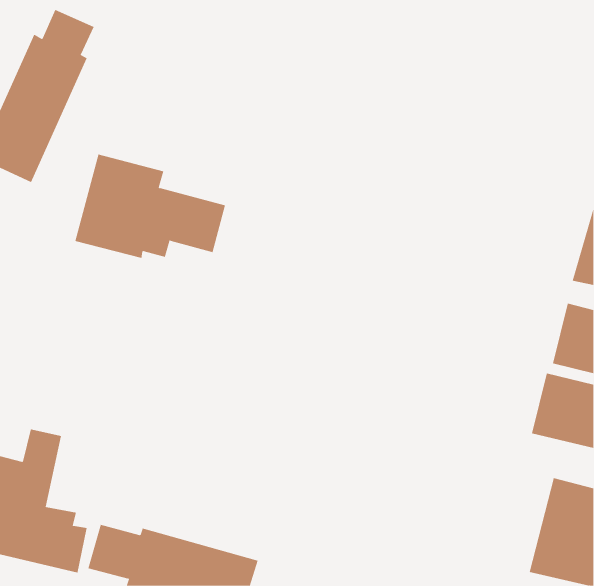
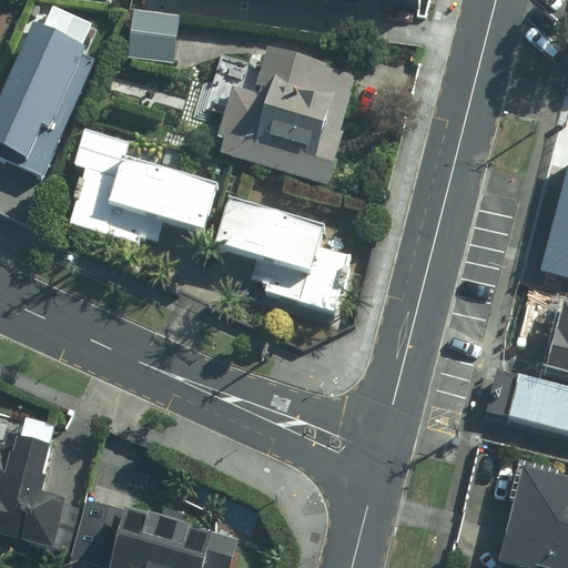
building: none -> [128,9,179,63]
building: none -> [214,50,356,189]
building: none -> [214,202,349,316]

